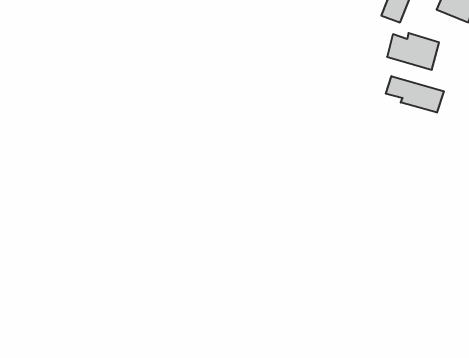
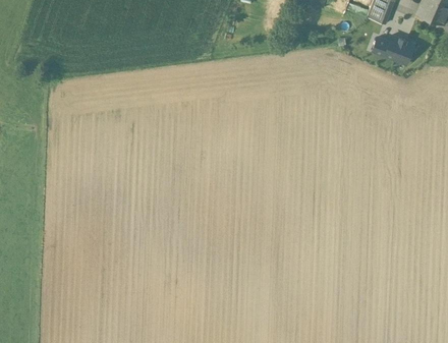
building: [386,76,444,113] -> none

